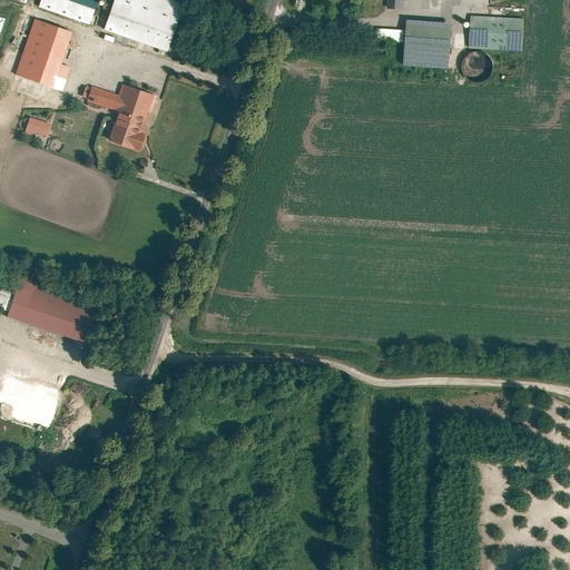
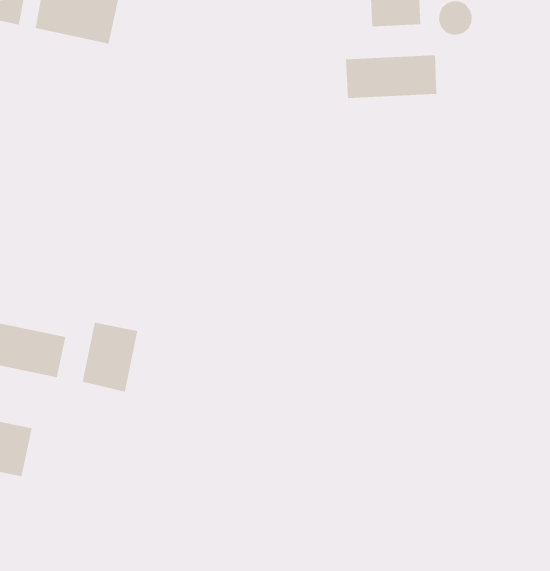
building: [81,85,155,150] -> none
building: none -> [345,55,437,99]
building: none -> [82,322,138,393]

